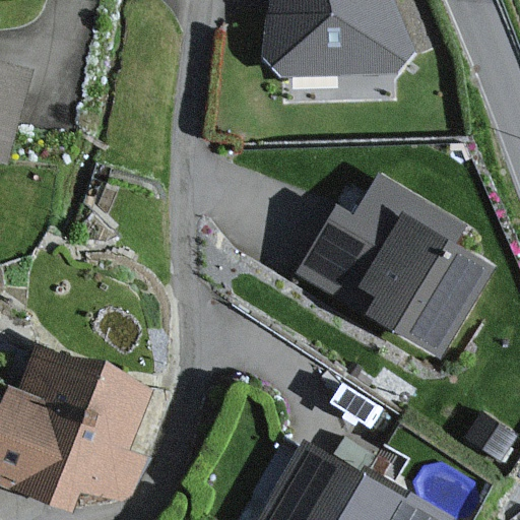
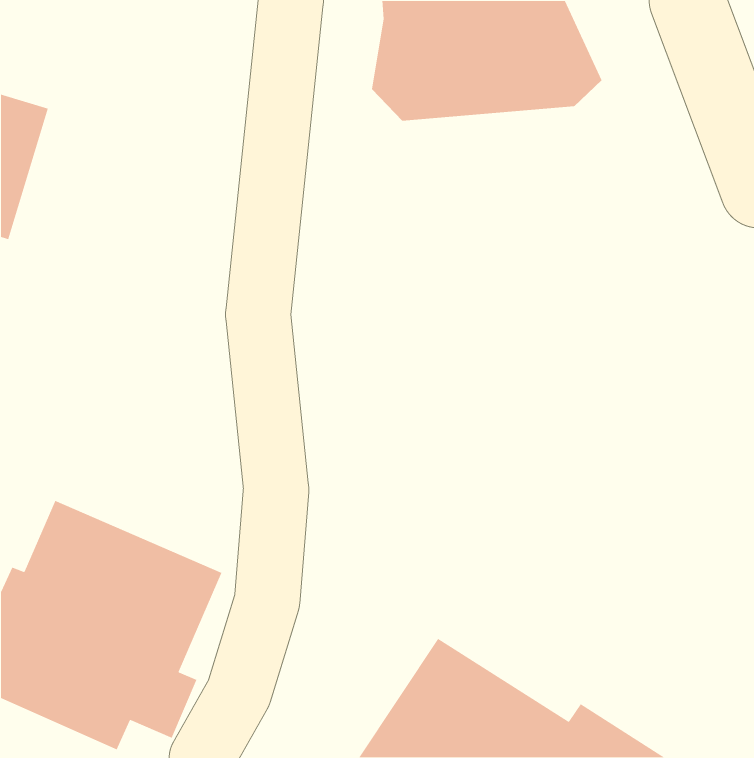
building: [297,176,494,356] -> none

